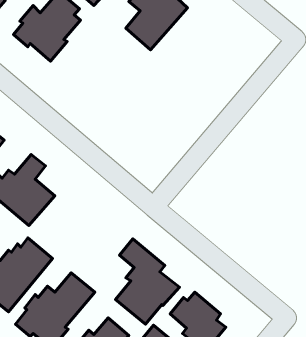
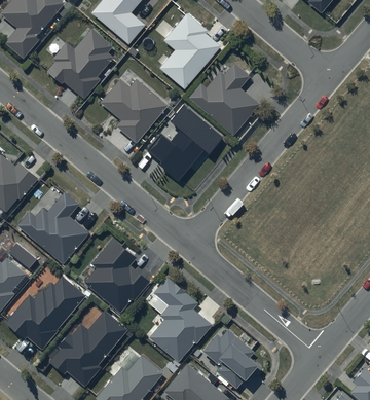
building: none -> [188,62,260,135]
building: none -> [100,77,166,142]
building: none -> [147,104,223,181]
building: none -> [84,238,150,313]

